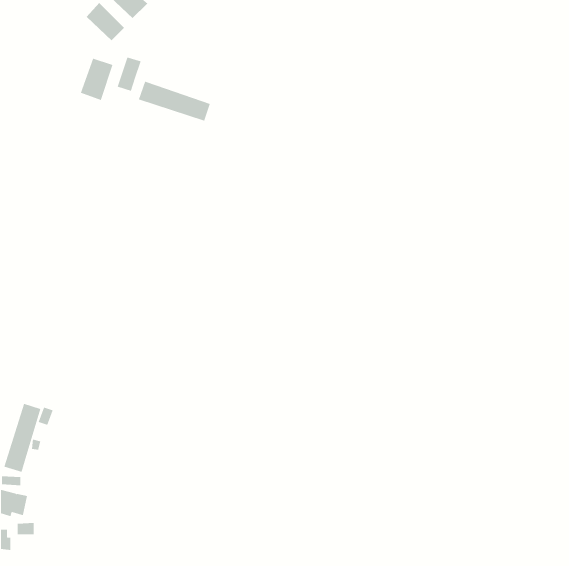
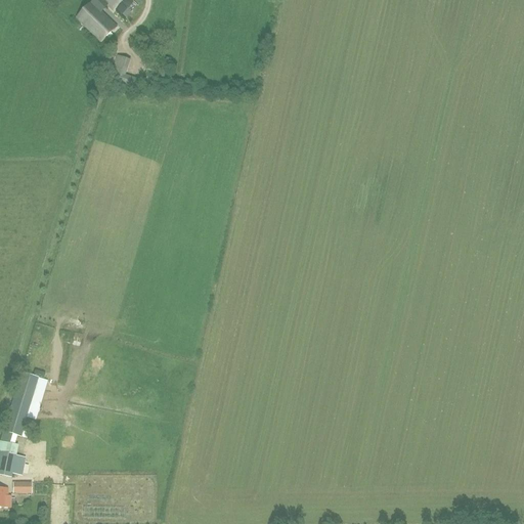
building: [80,58,113,101] -> none
building: [138,81,211,122] -> none

